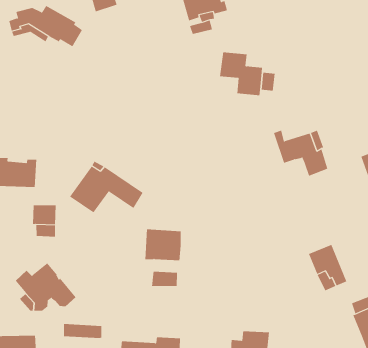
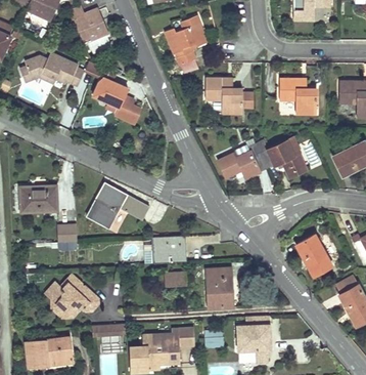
building: none -> [84,60,141,124]
building: none -> [278,78,315,114]
building: none -> [218,138,267,179]
building: none -> [205,268,232,309]

